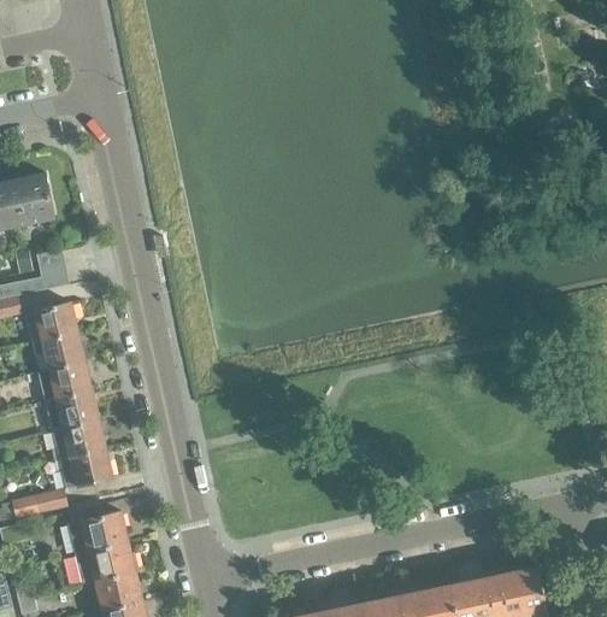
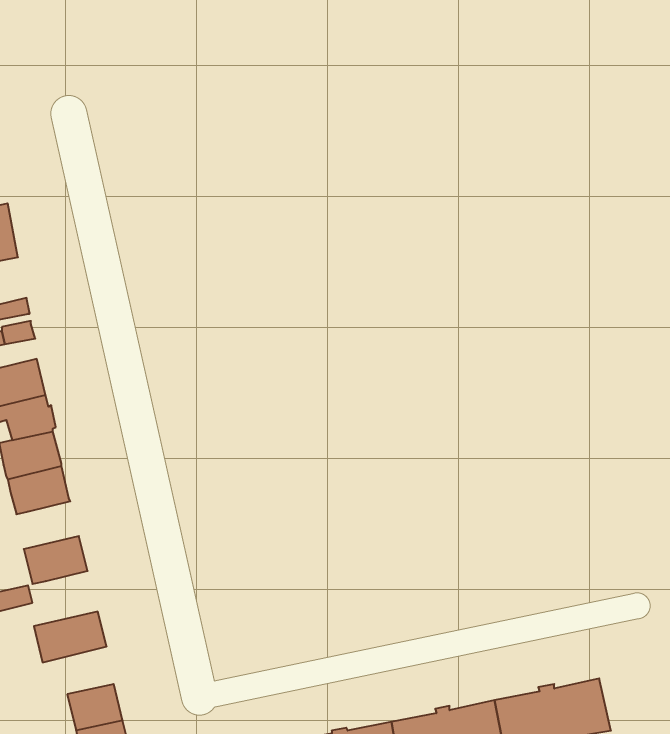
building: [54,419,106,459] -> none
building: [76,540,137,583] -> none

